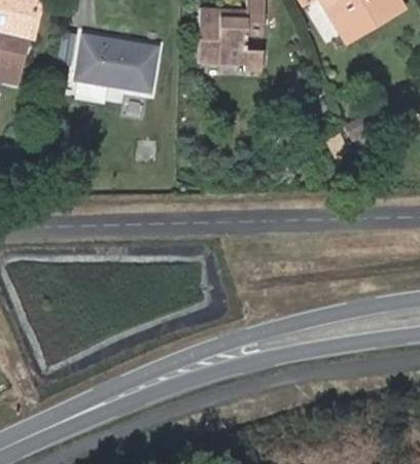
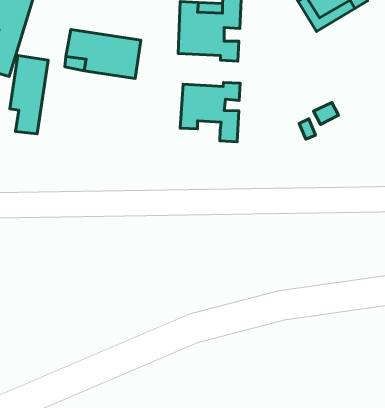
building: none -> [10,55,48,134]
building: none -> [180,82,240,142]

